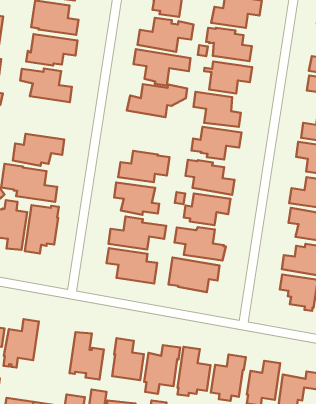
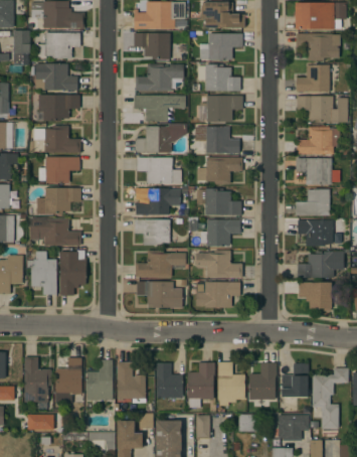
building: none -> [38,157,79,184]
building: none -> [136,157,181,184]
building: none -> [85,359,112,400]

